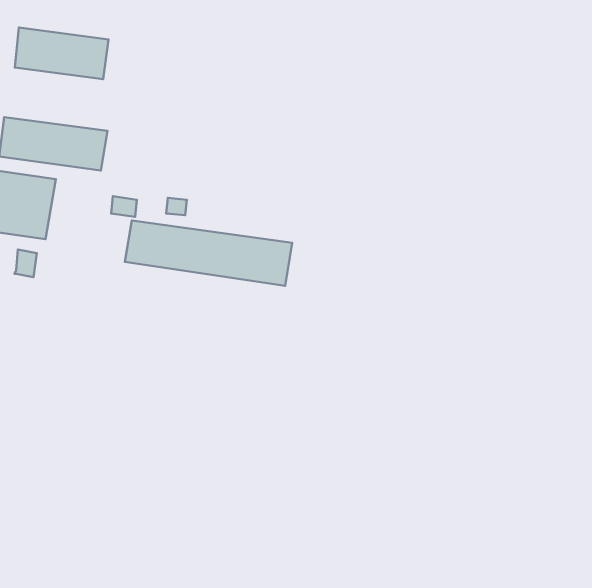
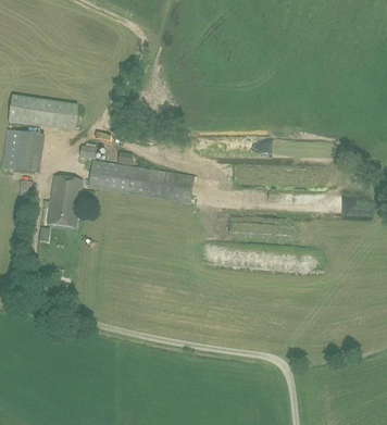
building: [15,28,109,79] -> none
building: none -> [47,174,82,226]

